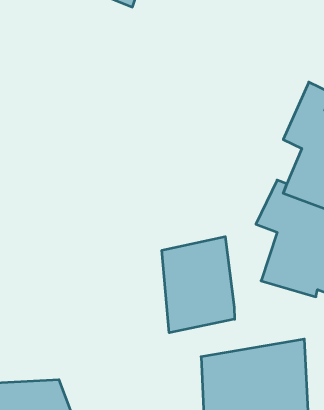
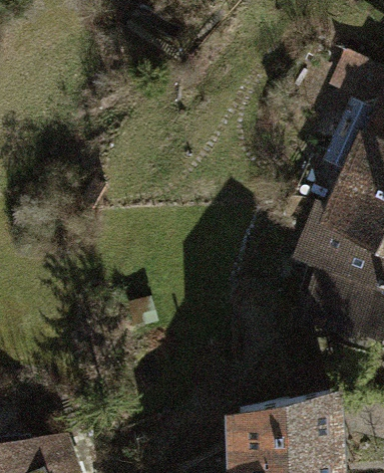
building: [162,237,235,333] -> none

